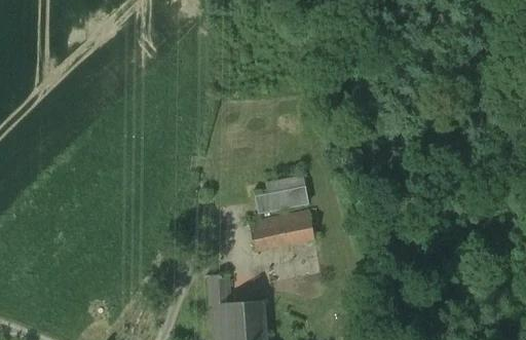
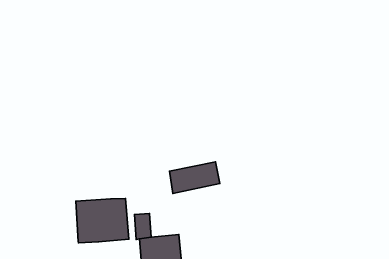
building: [255,187,307,213] -> none
building: none -> [76,198,129,243]

